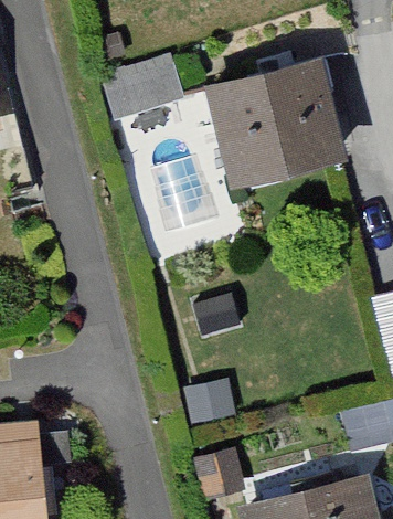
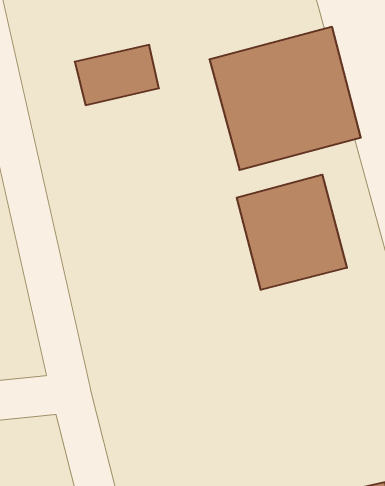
building: none -> [237,175,347,290]

